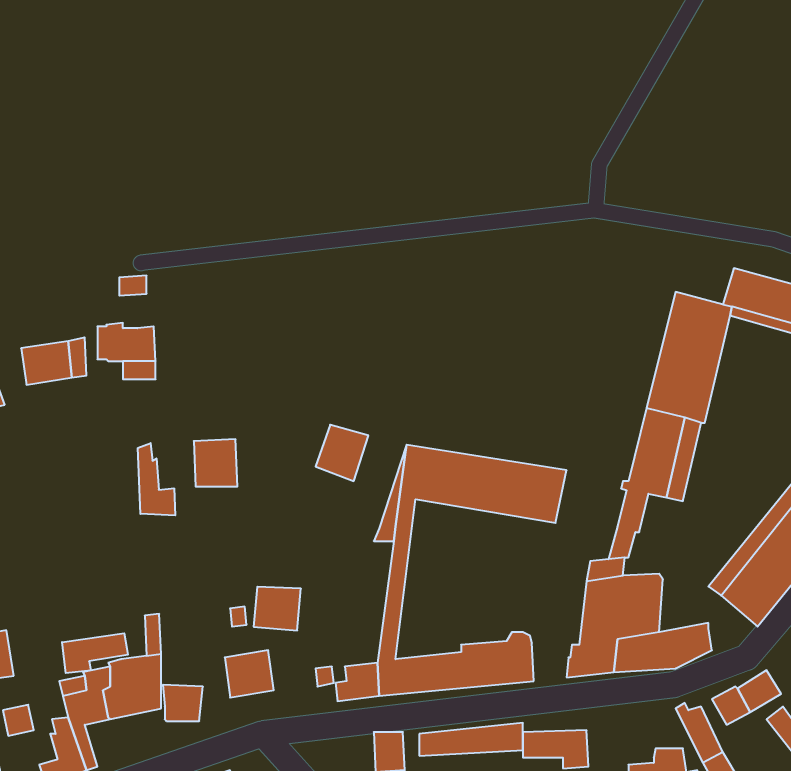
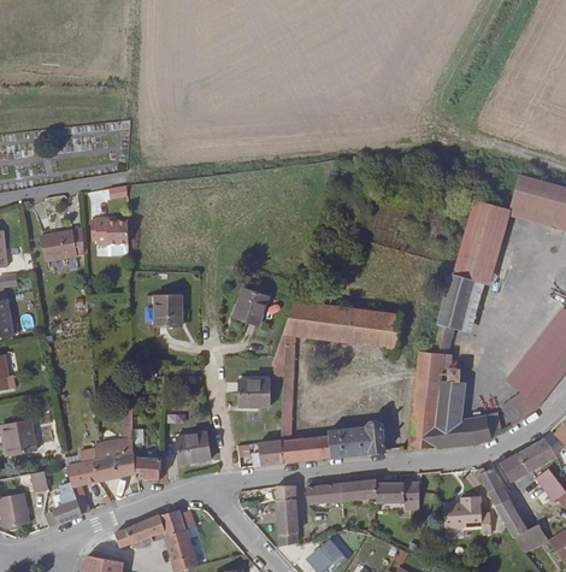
building: [138,443,175,515] -> none
building: [254,587,301,630] -> [240,373,271,402]
building: [62,633,128,673] -> none

